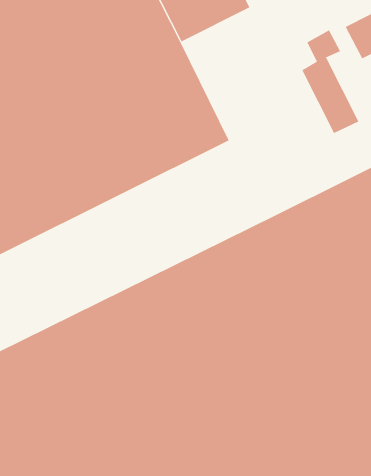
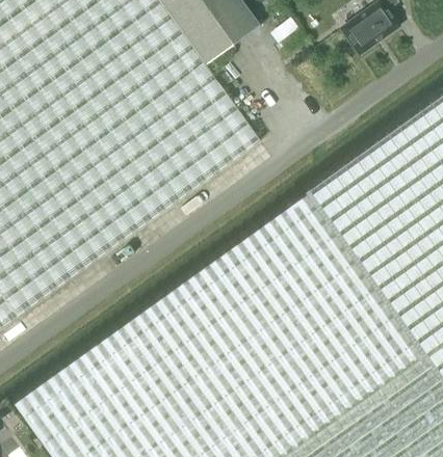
building: [302,30,359,134] -> none

